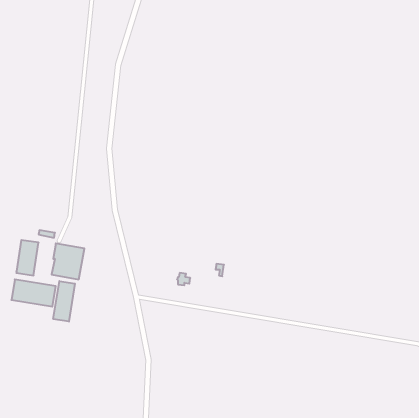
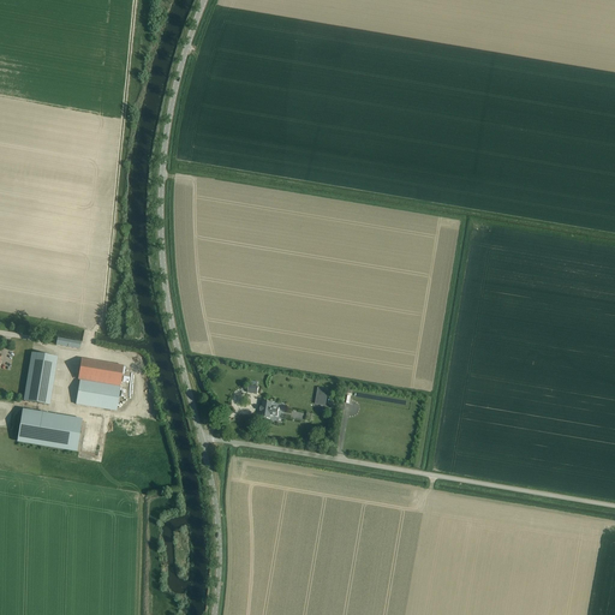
building: [53,281,75,322] -> none

